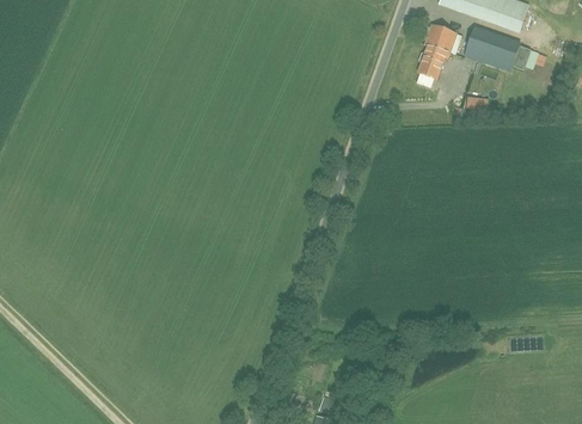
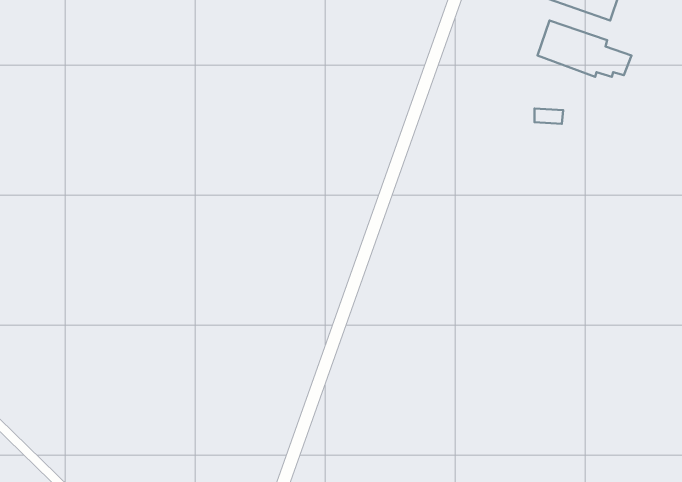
building: [416,23,457,87] -> none

